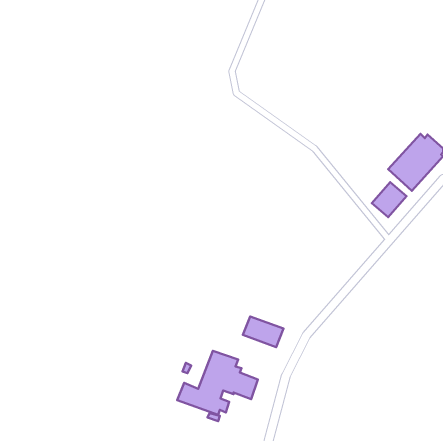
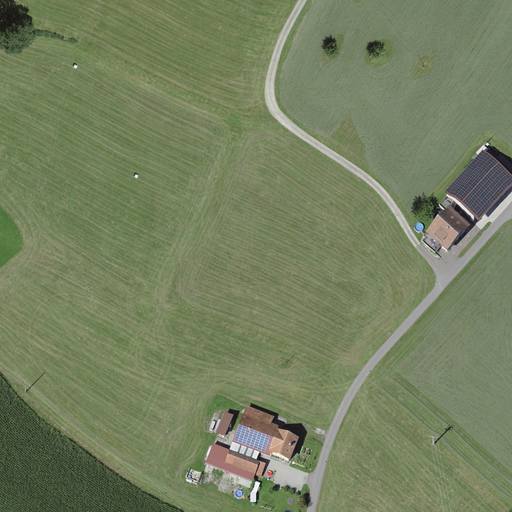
building: [243,317,283,347] -> none

